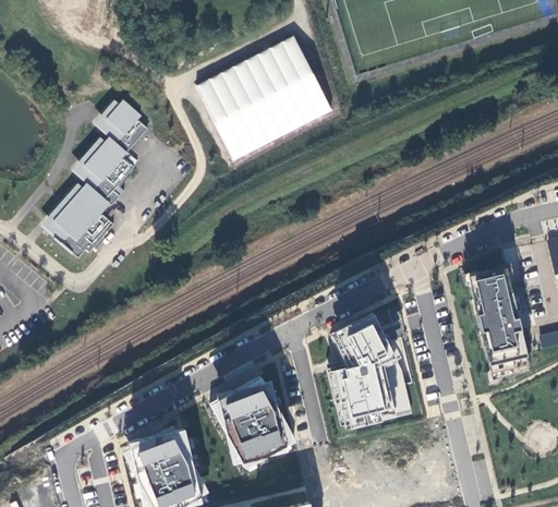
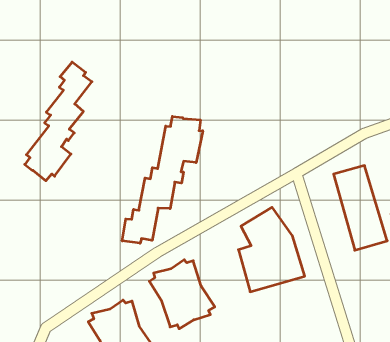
building: [195,36,330,159] -> none
building: none -> [122,116,203,243]

